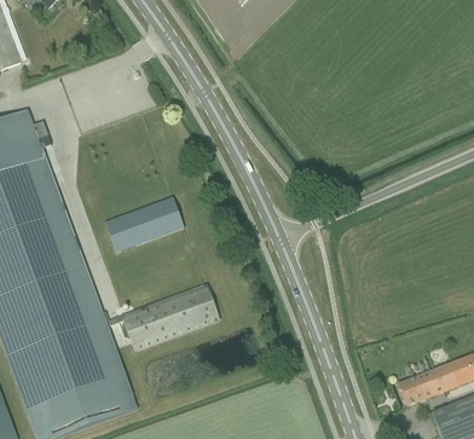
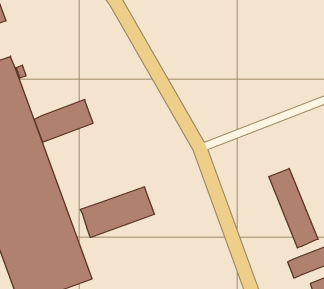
building: [105,195,184,252] -> [34,100,93,142]
building: none -> [269,168,318,248]

